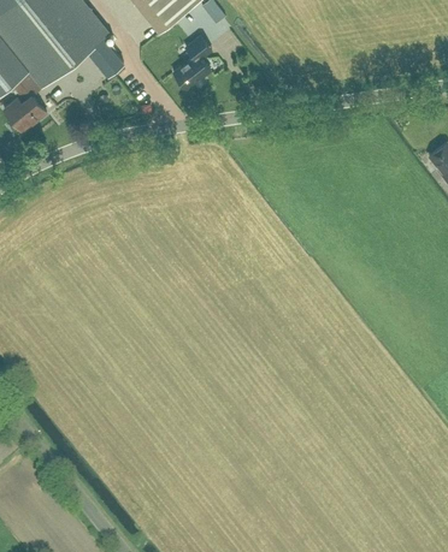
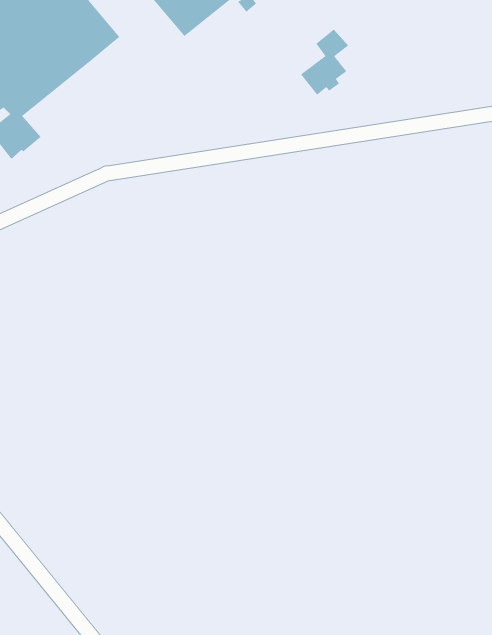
building: [175,36,213,89] -> [300,29,349,96]
building: [88,37,125,76] -> none

